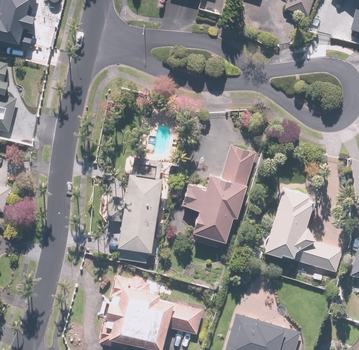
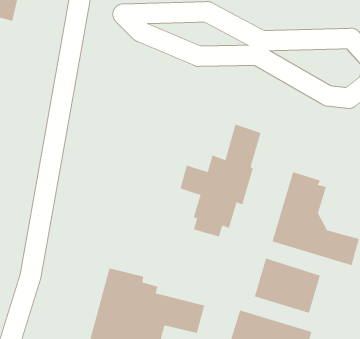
building: [117,163,162,262] -> none
building: none -> [254,257,321,314]

